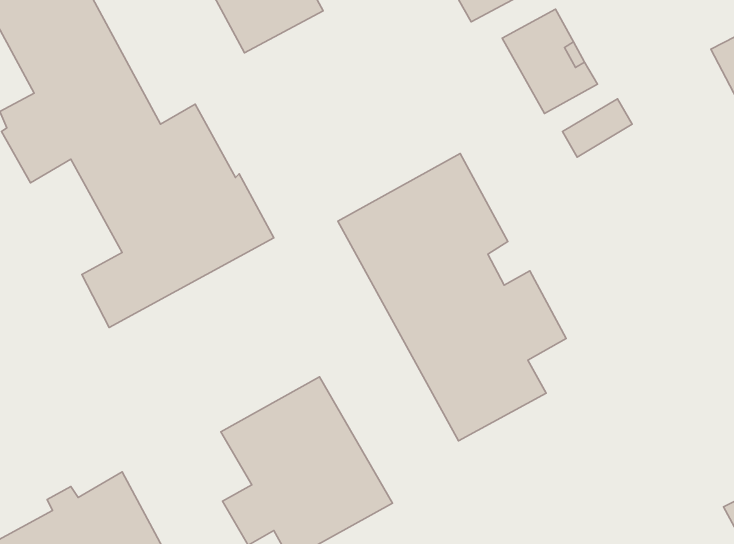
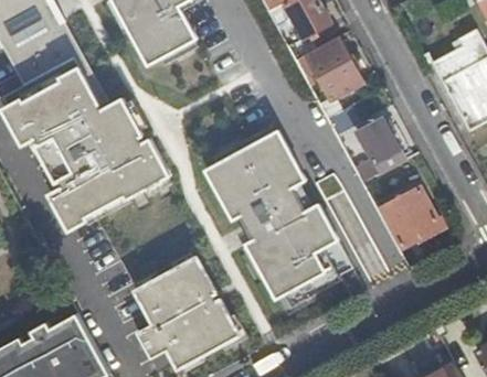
building: none -> [357,119,405,174]
building: none -> [380,189,440,248]

